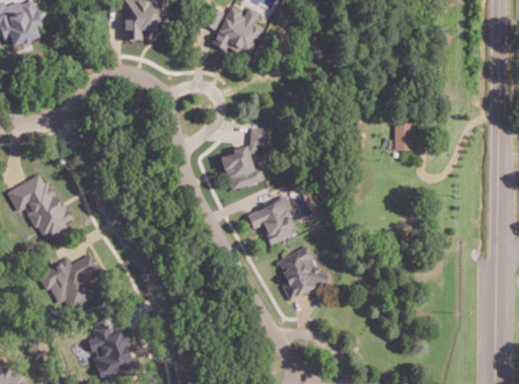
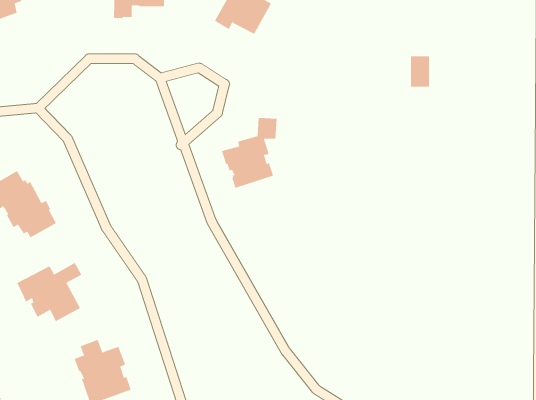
building: [395,125,413,152] -> [410,56,430,87]
building: [244,196,294,245] -> none
building: [277,244,328,301] -> none

